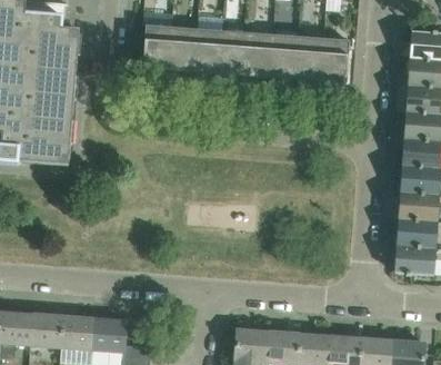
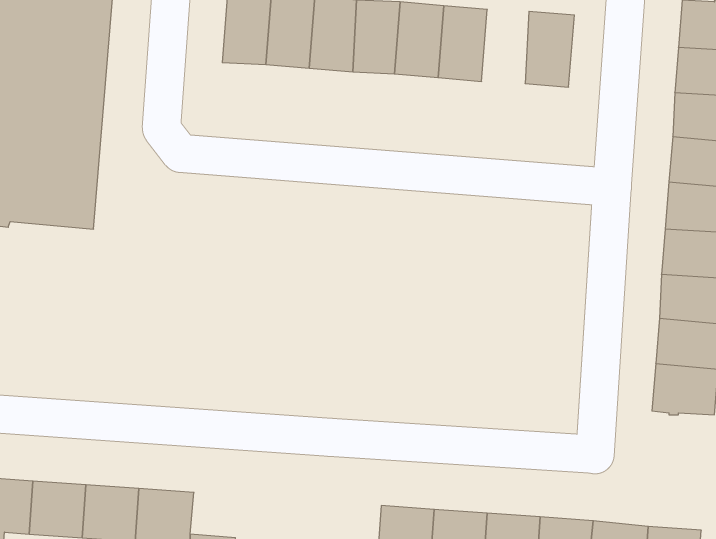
building: [295,36,323,79] -> none

